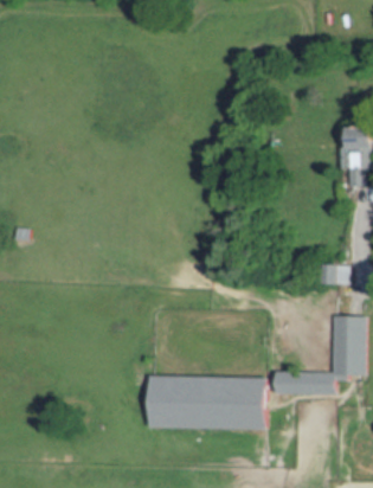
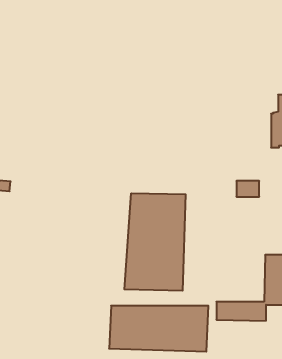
building: none -> [124,193,186,291]
building: [320,265,347,284] -> [236,181,259,197]

